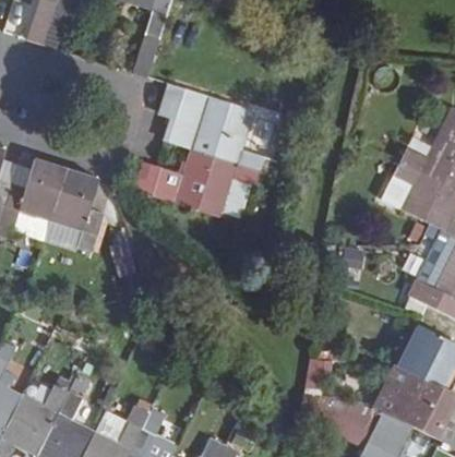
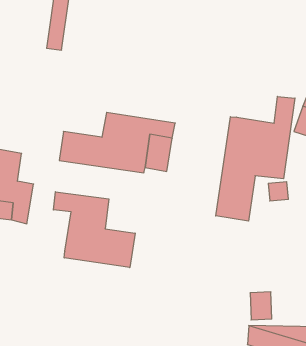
building: [157,84,263,171] -> none
building: none -> [216,96,295,221]
building: none -> [53,192,135,268]

